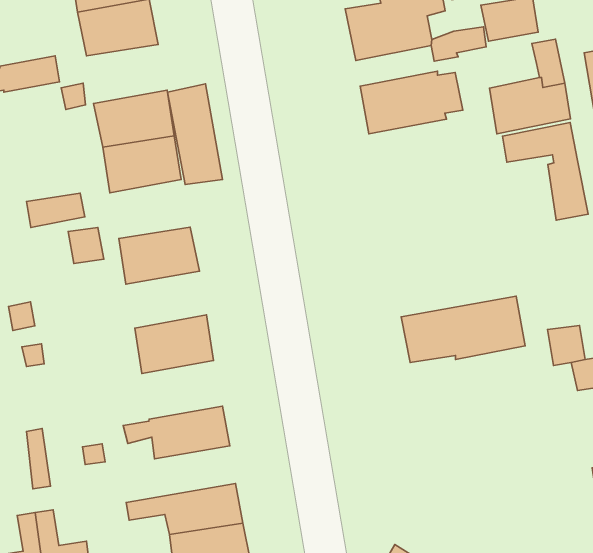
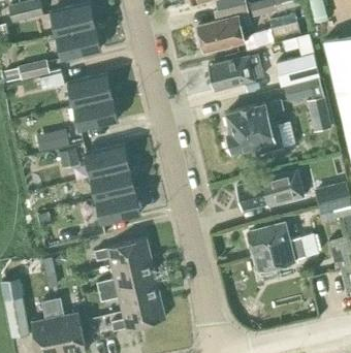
building: [167,84,222,184] -> none
building: none -> [226,100,282,152]
building: none -> [91,168,134,200]
building: none -> [248,223,304,276]
building: none -> [96,259,155,292]

